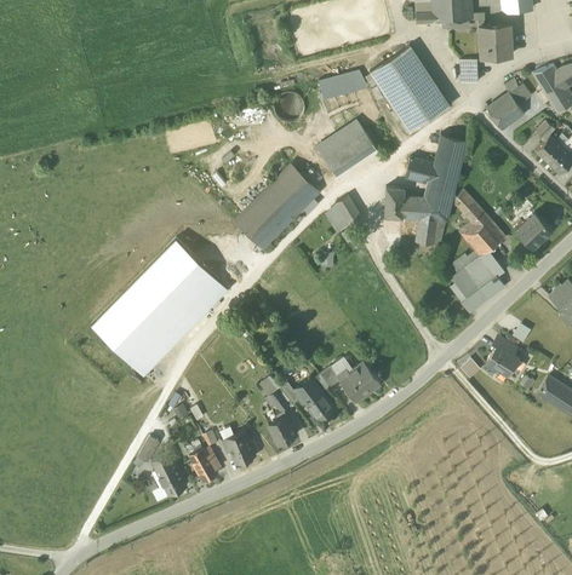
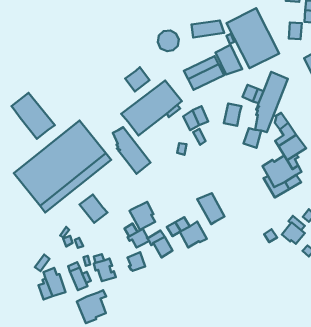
building: none -> [215,45,242,74]
building: none -> [125,67,150,92]
building: [404,197,431,220] -> none
building: none -> [11,93,55,139]
building: none -> [113,127,151,174]
building: none -> [197,193,225,224]
building: none -> [80,194,107,223]
building: none -> [130,202,155,230]
building: none -> [77,290,106,323]

